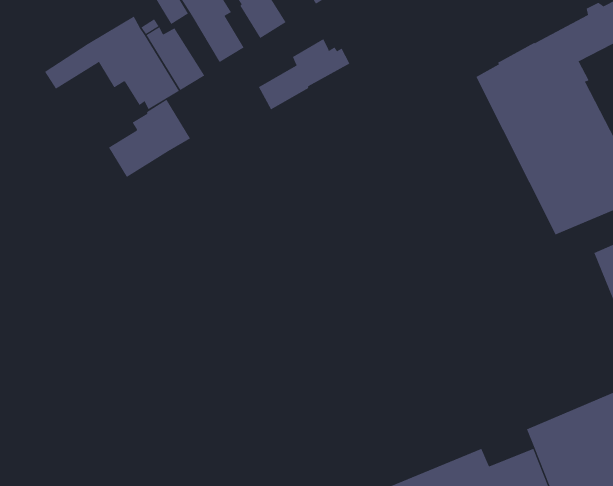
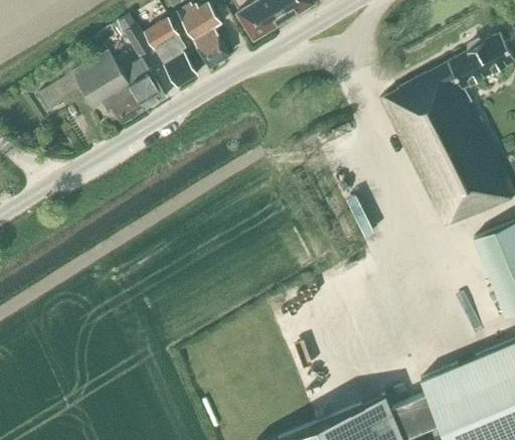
building: [258,38,350,110] -> none
building: [108,99,191,178] -> none

